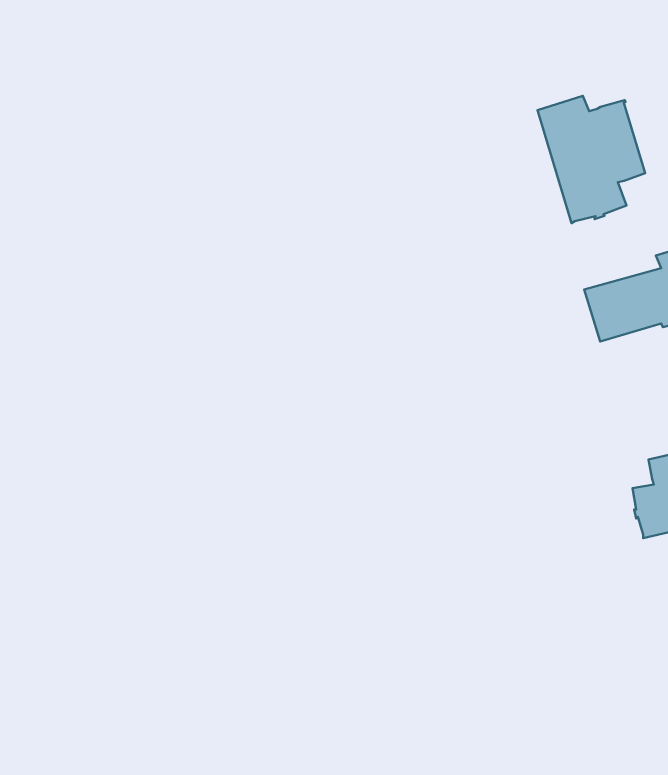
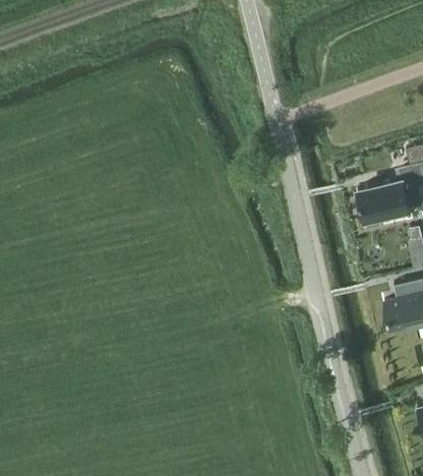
building: [538,96,645,223] -> none

